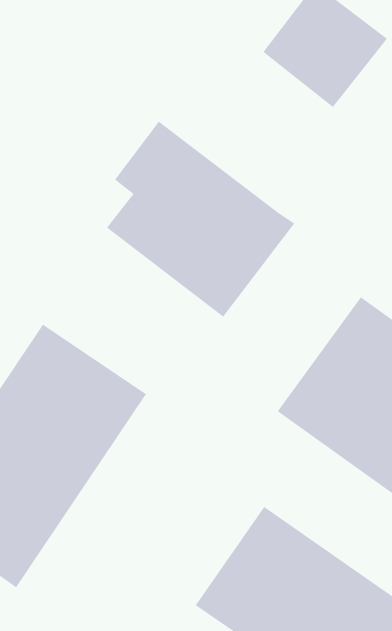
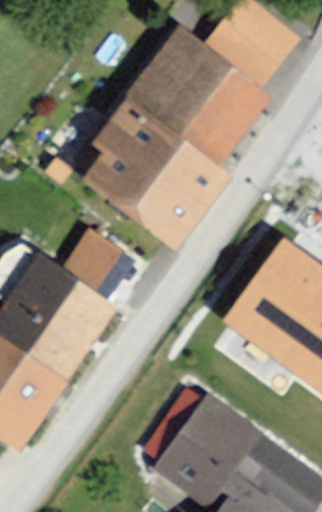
building: none -> [126,28,273,170]

